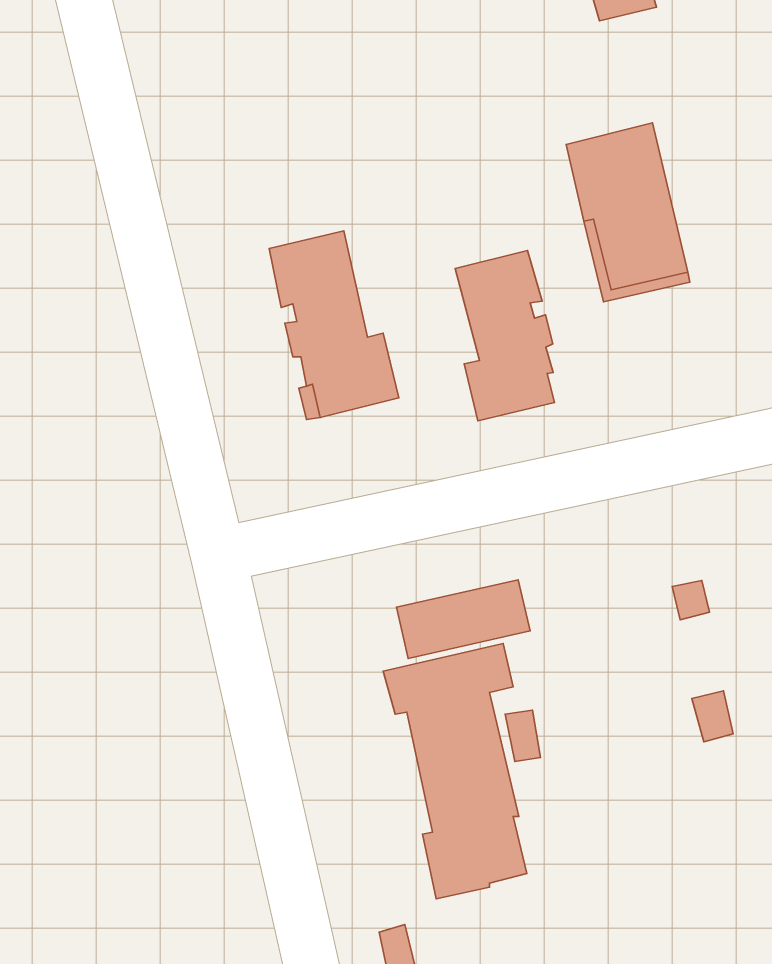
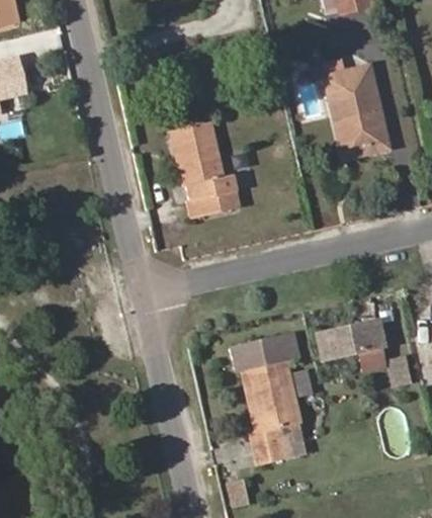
building: [455,250,555,421] -> none
building: [396,580,530,658] -> [316,319,384,359]

